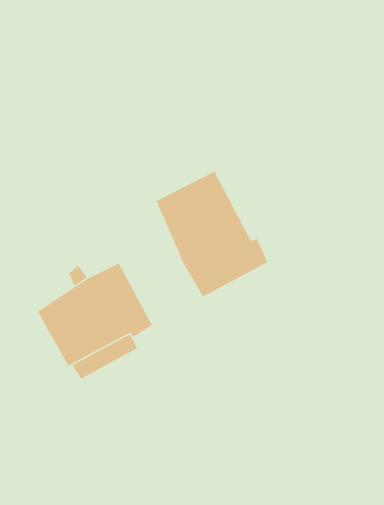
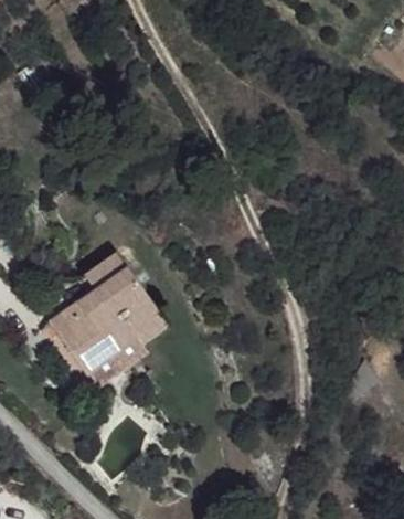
building: [155,171,268,298] -> none

